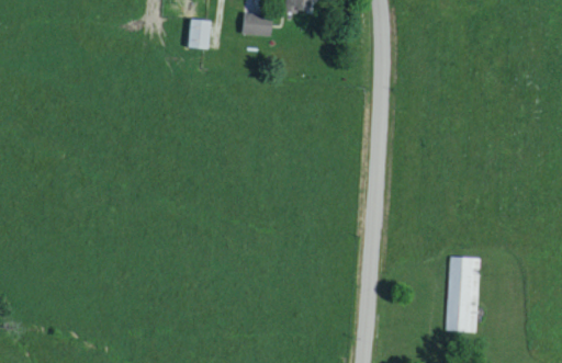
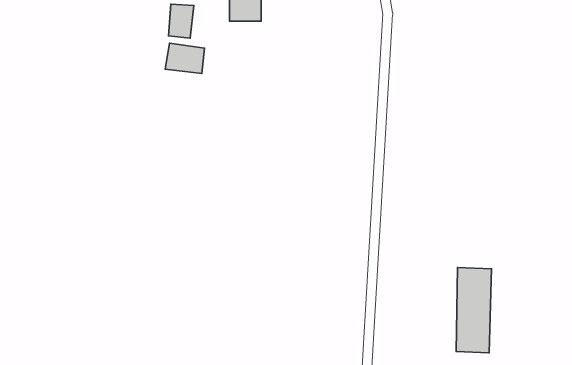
building: none -> [165,43,205,73]

